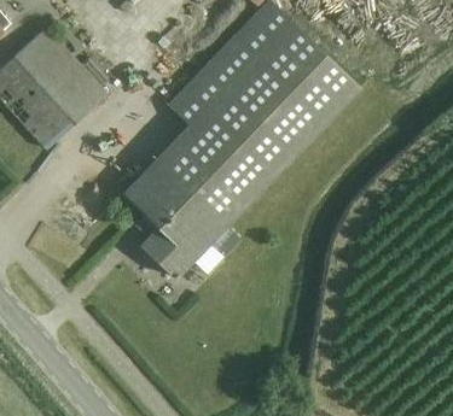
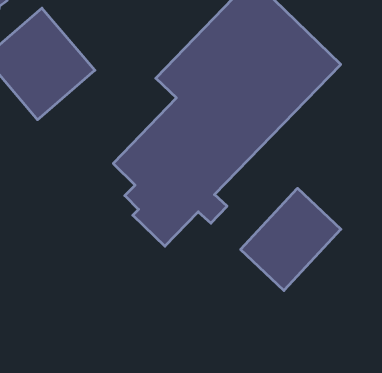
building: none -> [241,188,341,291]

